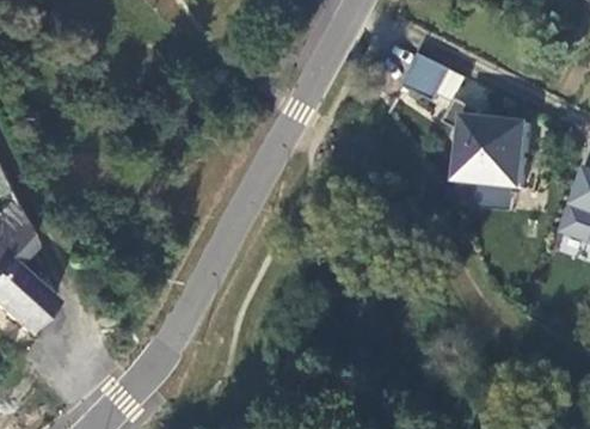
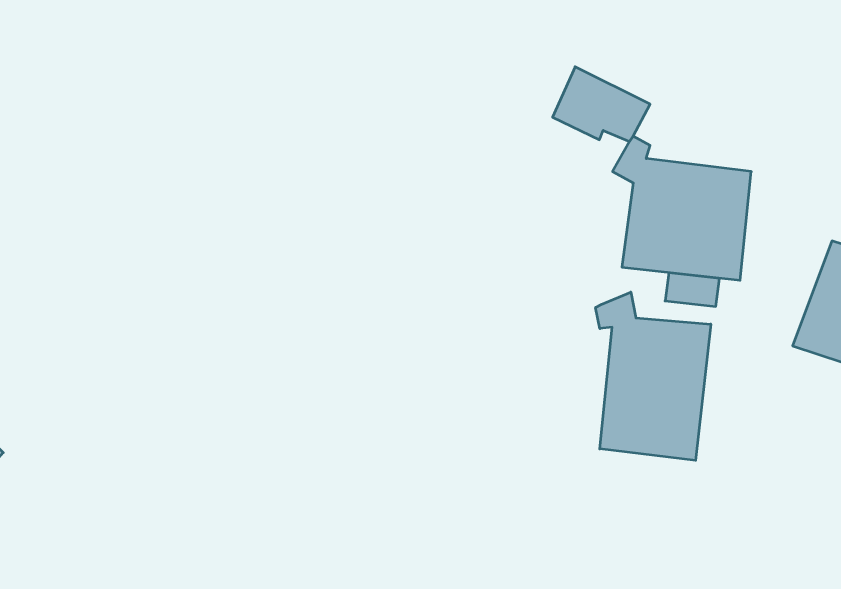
building: none -> [596,292,711,460]

